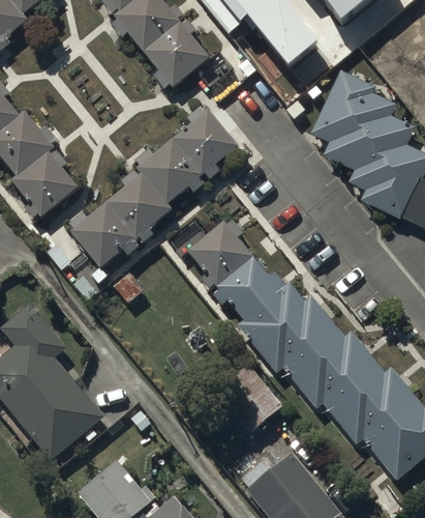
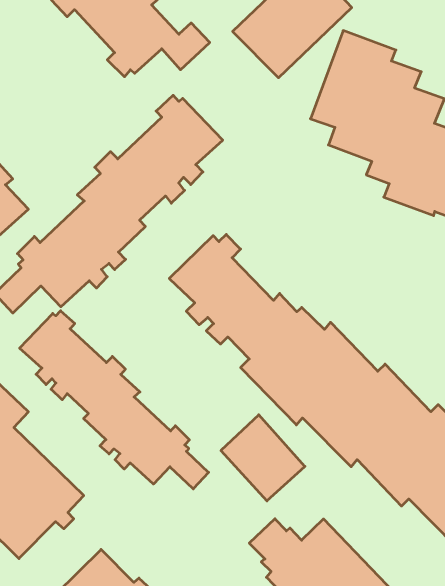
building: none -> [20,311,209,489]

